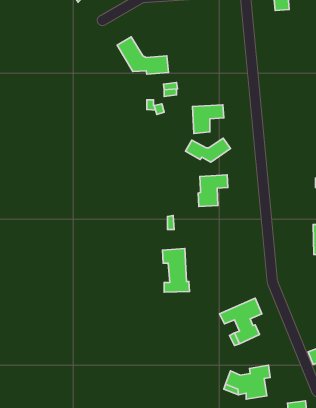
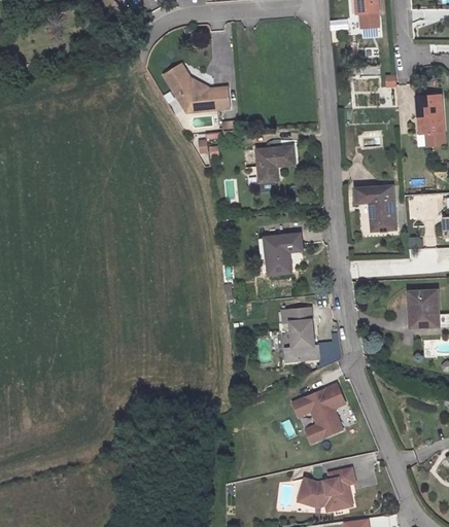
building: [185,138,231,162] -> none
building: none -> [357,186,395,232]
building: [162,248,190,292] -> [279,305,313,359]

